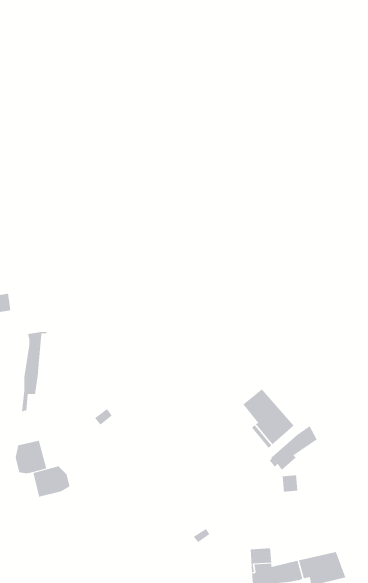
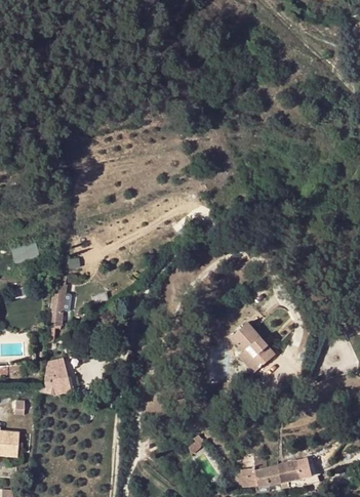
building: [269,426,318,471] -> none
building: [33,466,70,498] -> none

